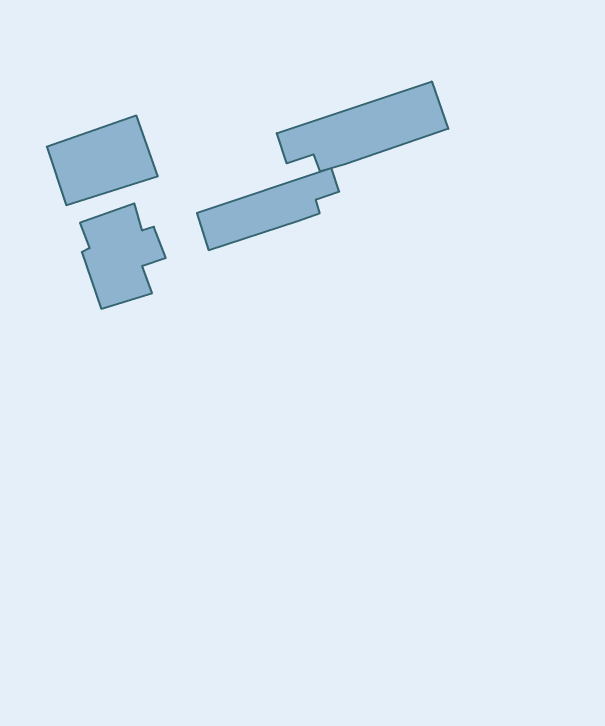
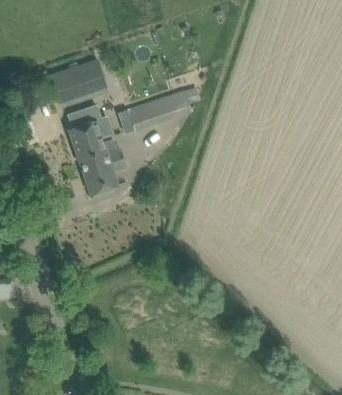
building: [277,81,448,172] -> none
building: none -> [78,149,125,193]

